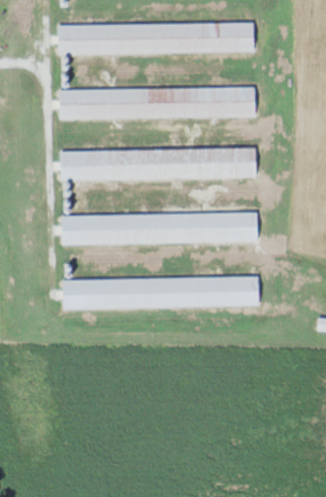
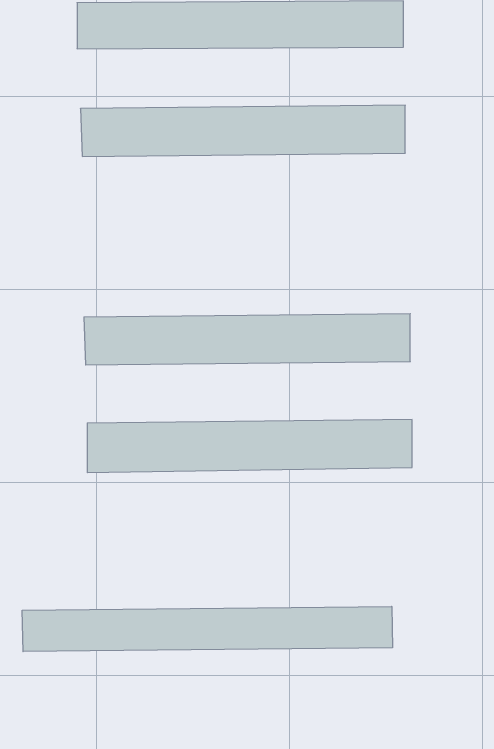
building: [60,147,257,178] -> none
building: none -> [22,606,392,652]

